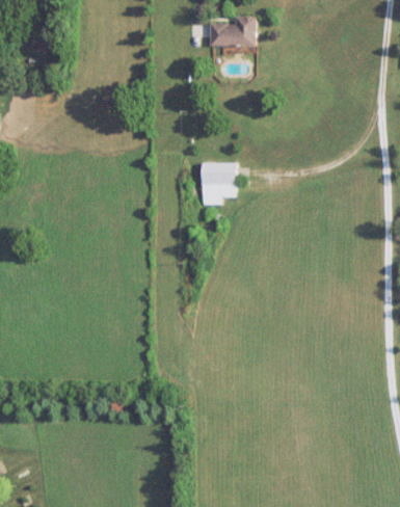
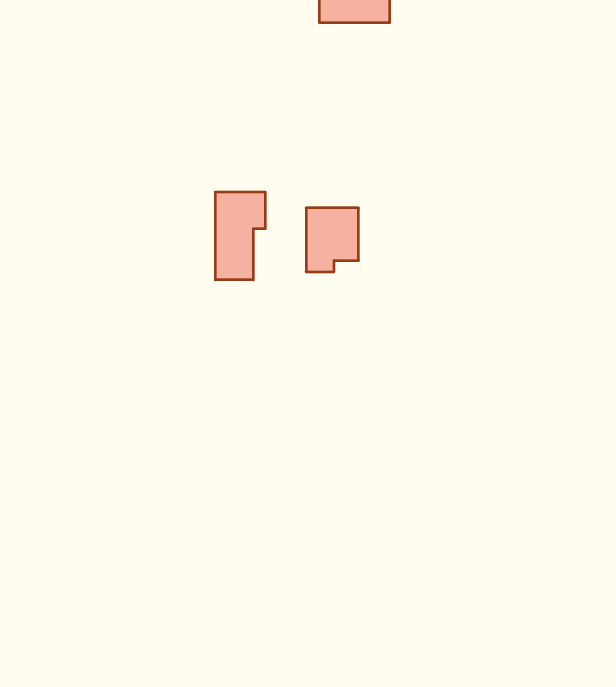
building: none -> [215,192,265,280]

